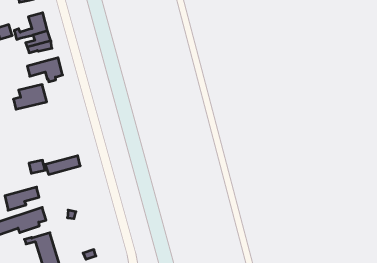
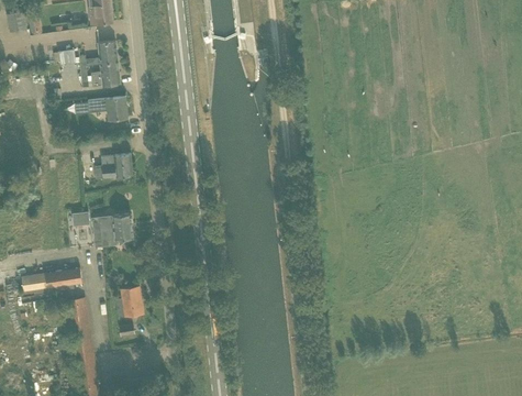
building: [13,85,47,109] -> [95,154,133,178]
building: [5,187,39,210] -> [93,226,133,248]
building: none -> [115,287,143,318]

